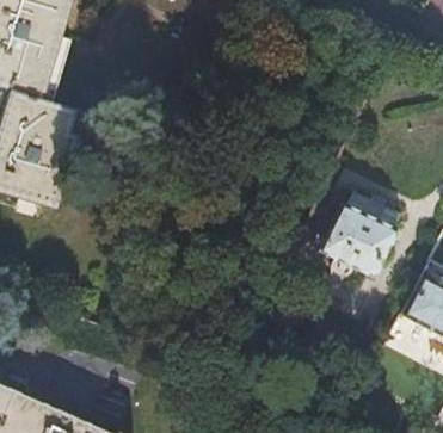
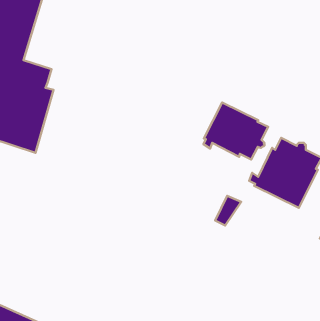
building: none -> [203,102,268,160]

